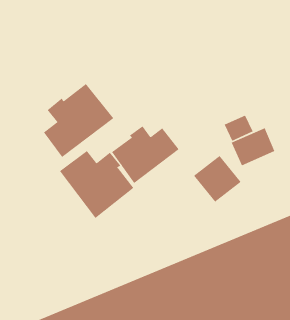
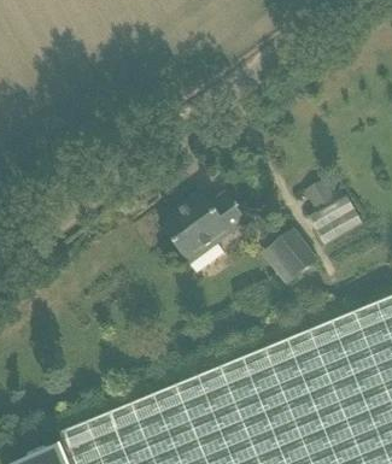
building: [43,83,114,158] -> none
building: [59,150,134,219] -> none

